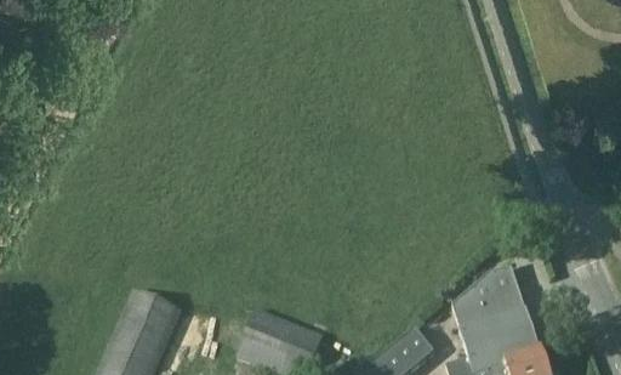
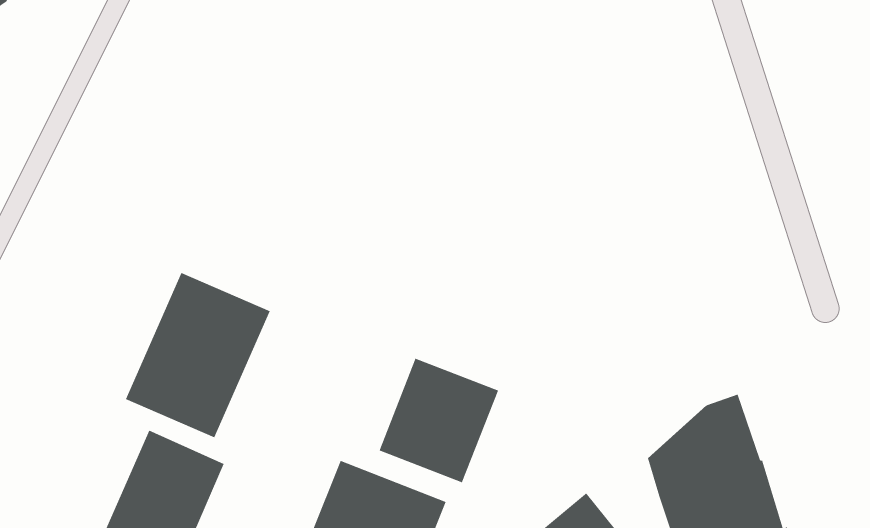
building: none -> [125,272,271,438]
building: none -> [379,358,499,483]

